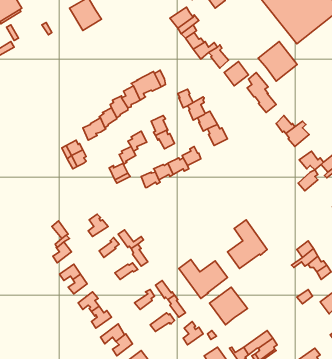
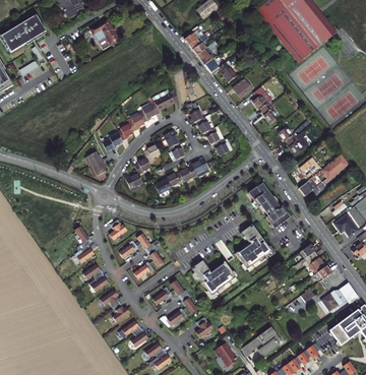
building: [258,41,297,81] -> none
building: none -> [248,181,290,228]
building: [210,287,247,325] -> none

